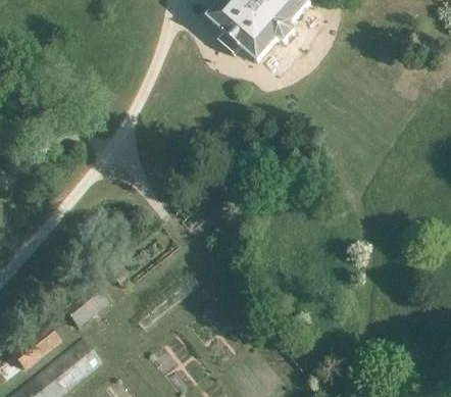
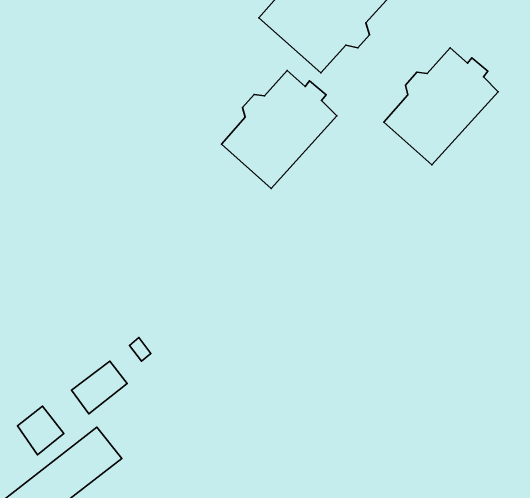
building: none -> [384,48,498,165]
building: none -> [221,70,337,189]

